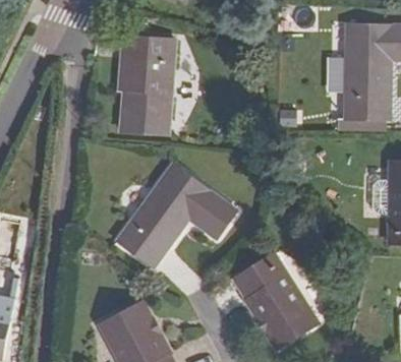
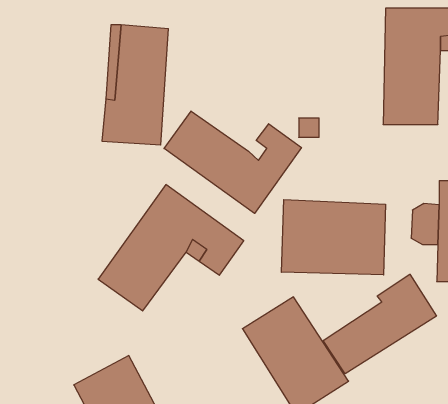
building: none -> [164,111,301,213]
building: none -> [281,200,385,275]
building: none -> [323,274,436,374]

